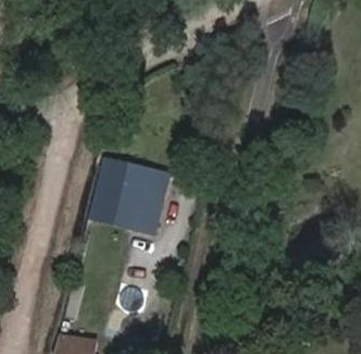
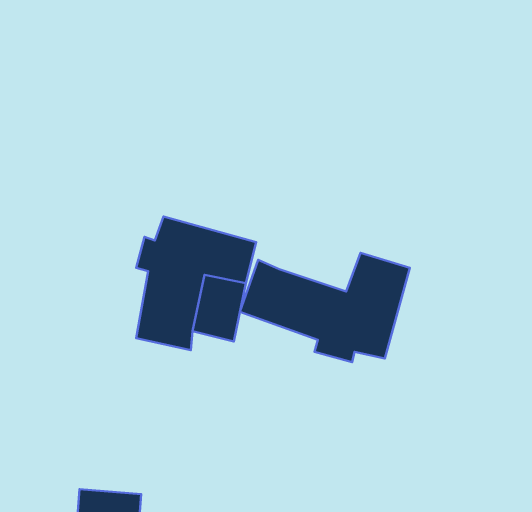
building: none -> [240,253,410,362]

